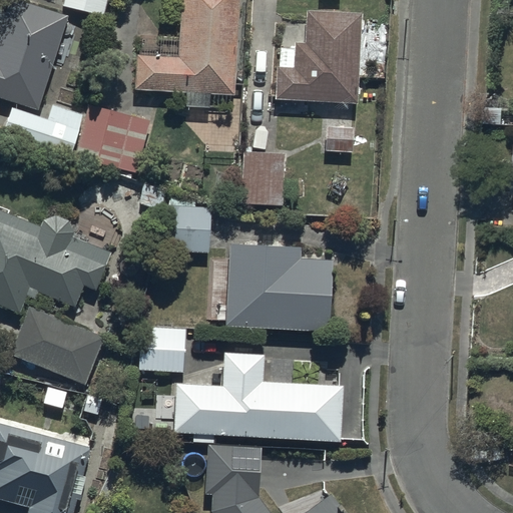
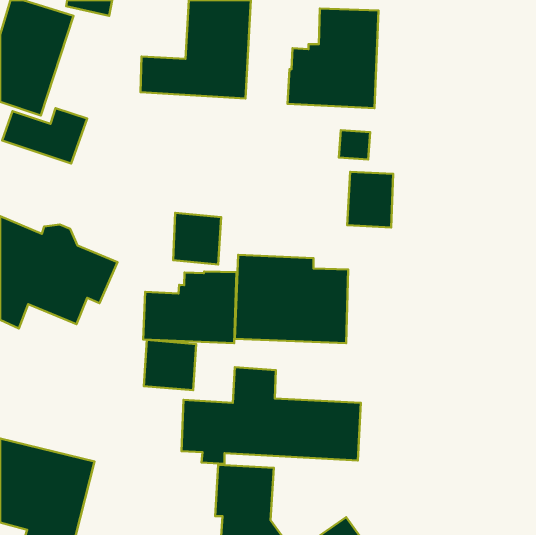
building: [76,105,149,172] -> none
building: [240,152,285,205] -> [347,172,393,227]
building: none -> [143,271,237,343]
building: [11,309,104,385] -> none

